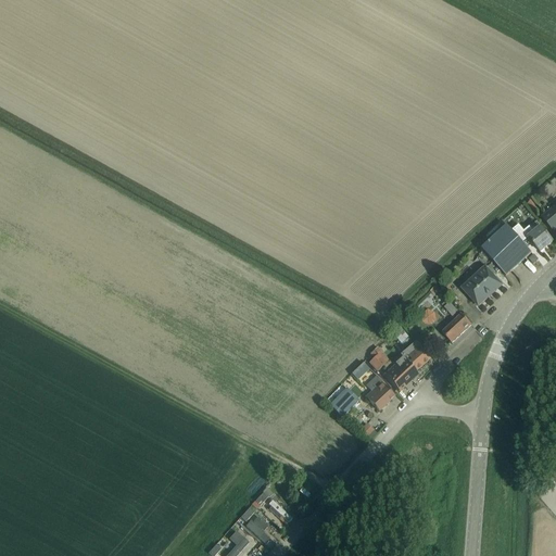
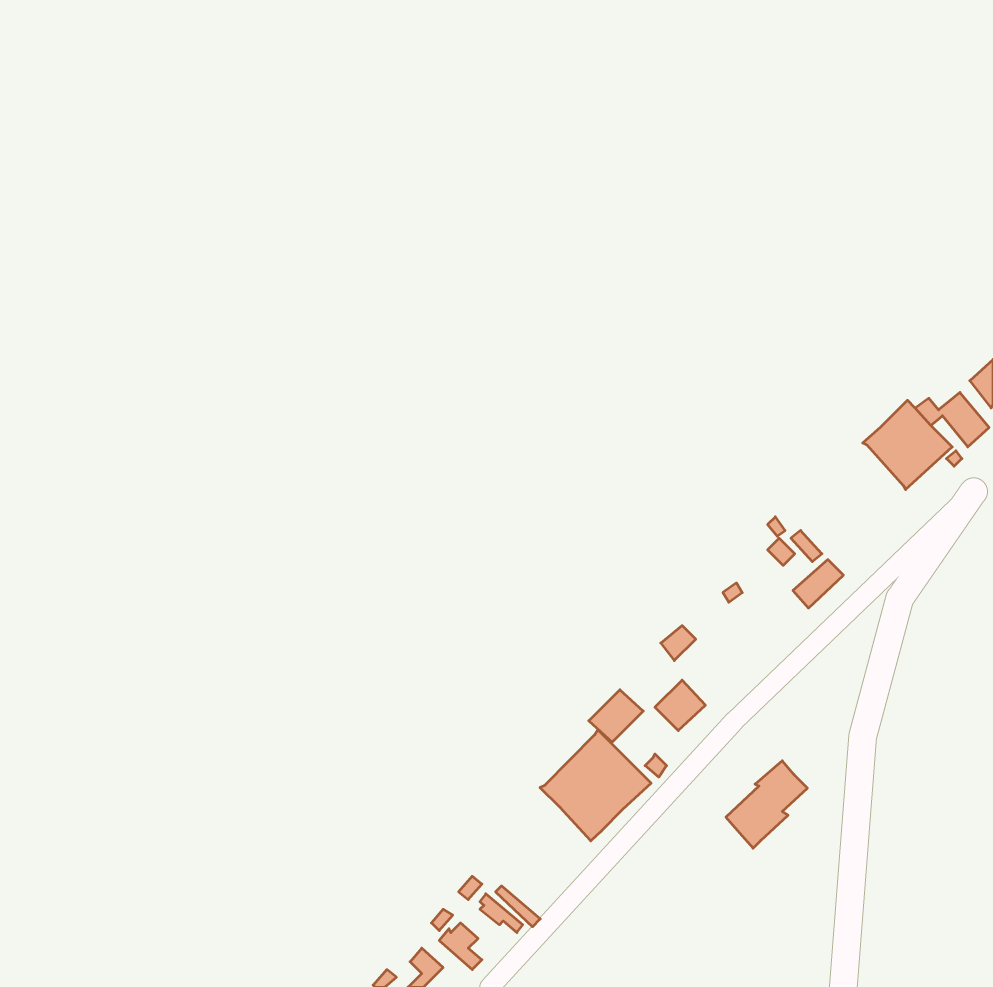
building: [463,265,502,303] -> none
building: [383,341,429,390] -> [726,761,807,848]
building: none -> [540,730,651,841]

